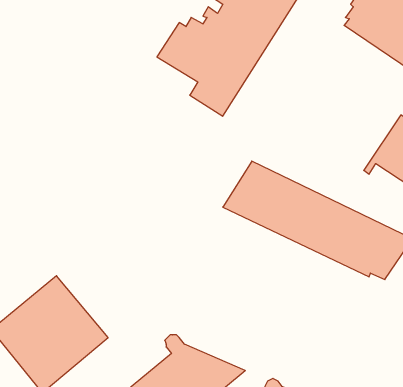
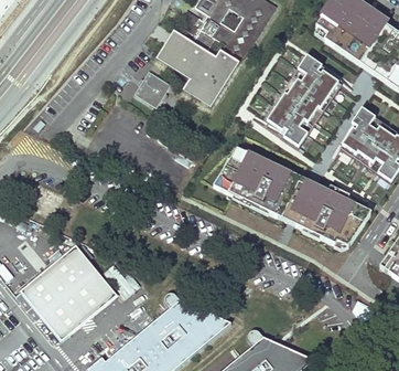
building: none -> [261,54,353,146]
building: none -> [136,70,172,106]

